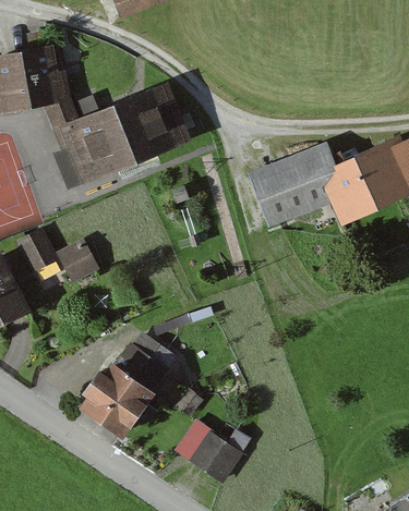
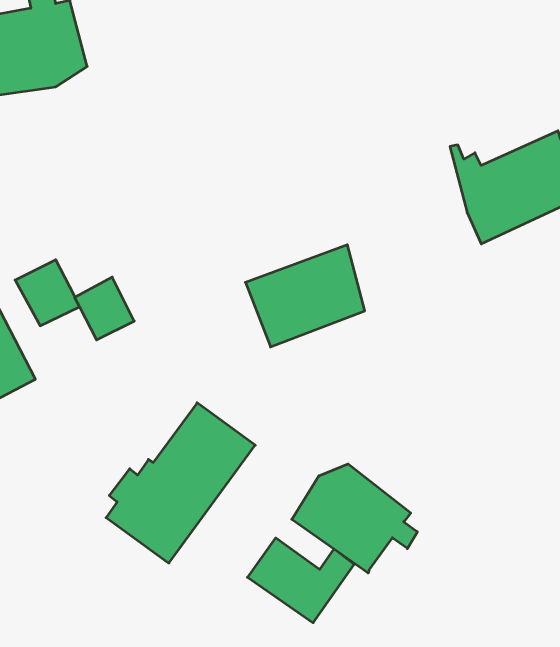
building: [45,82,192,183] -> none
building: [248,149,330,220] -> [245,245,365,347]
building: none -> [292,464,417,573]

